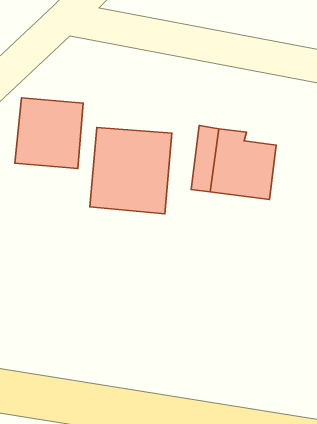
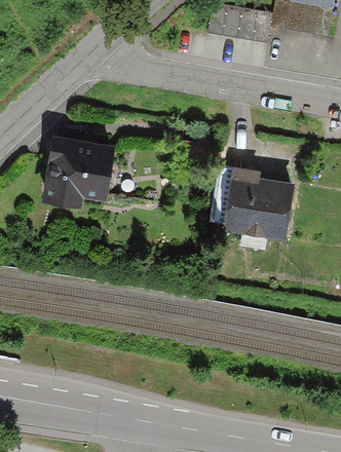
building: [90,128,172,214] -> none

